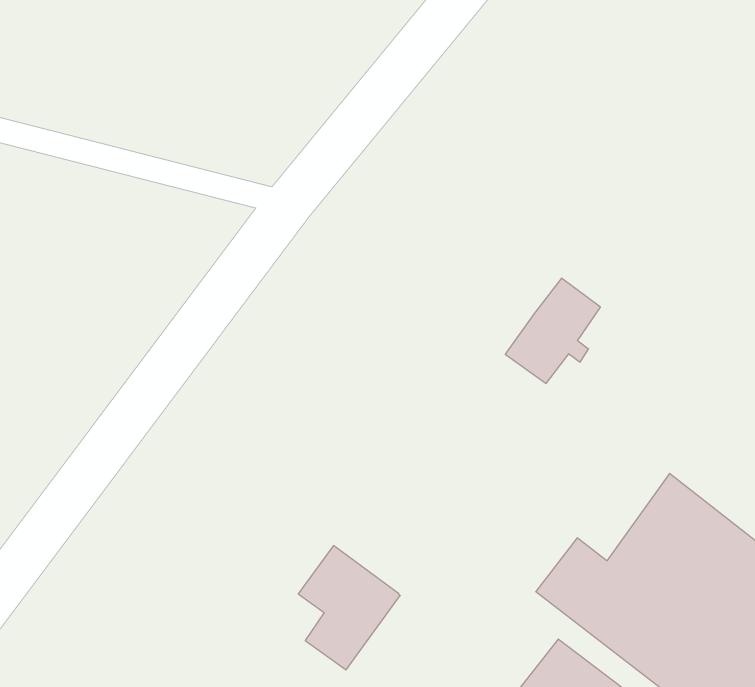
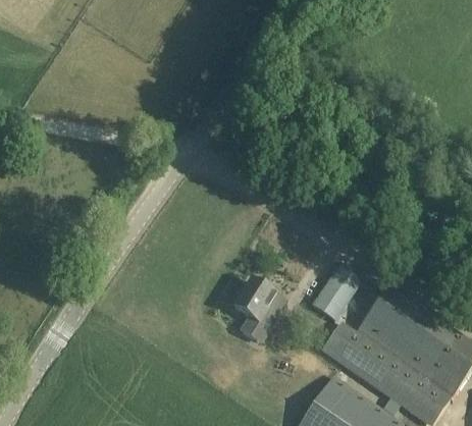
building: [505,278,600,383] -> [312,266,361,322]
building: [298,546,400,670] -> [232,279,286,344]

